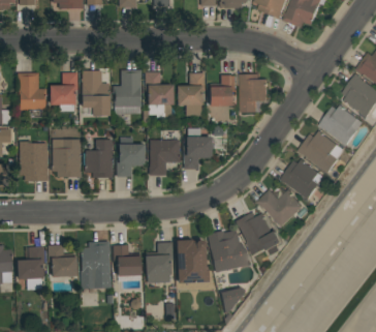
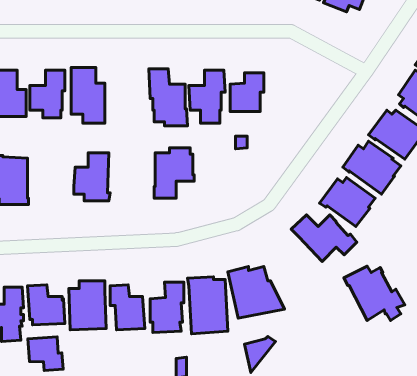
building: [114,70,142,114] -> none
building: [240,73,269,112] -> none
building: [184,128,212,170] -> none
building: [53,140,82,178] -> none
building: [117,140,145,177] -> none
building: [236,212,284,255] -> [344,266,405,320]
building: none -> [28,337,63,370]

